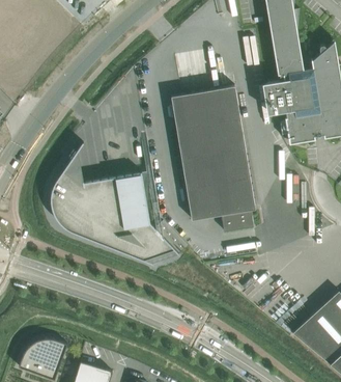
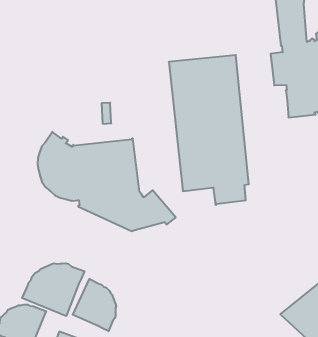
building: none -> [22,263,84,316]
building: none -> [73,279,116,331]

